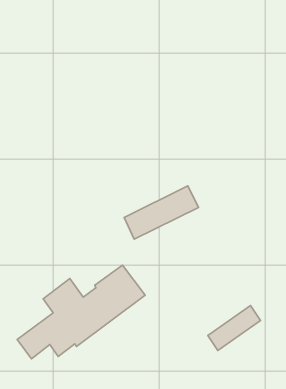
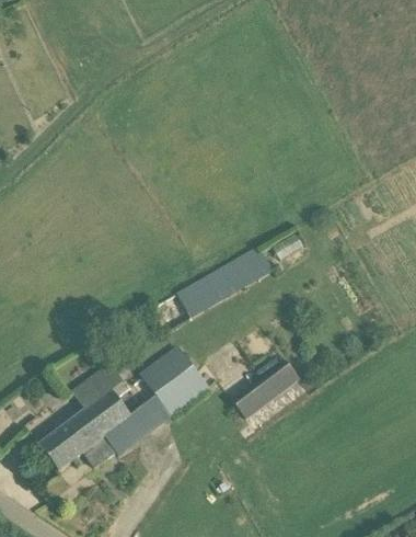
building: [208,305,261,351] -> [235,357,304,416]

